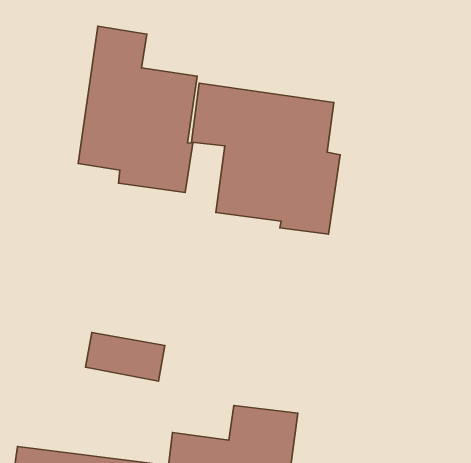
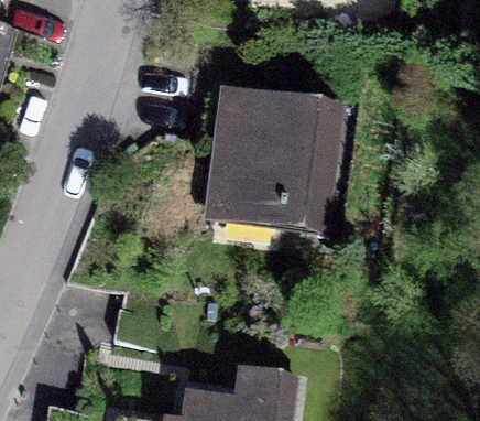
building: [78,26,197,193] -> none

